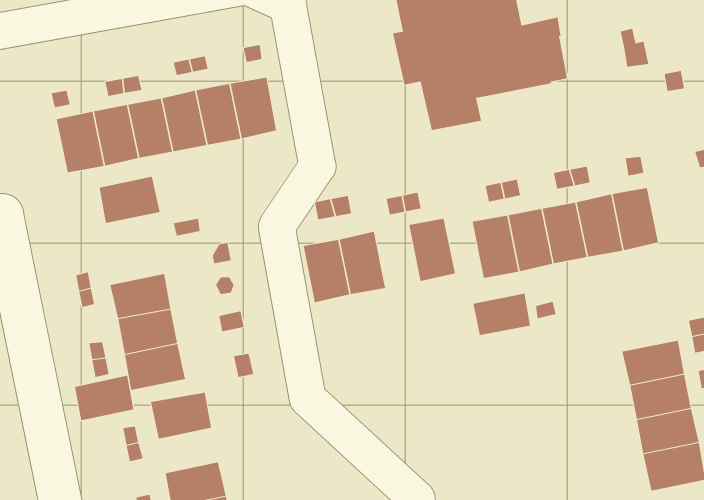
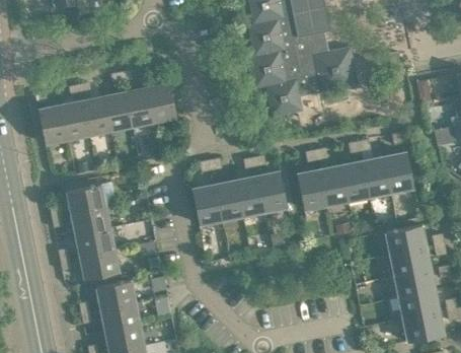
building: [99,176,161,223] -> [68,185,106,214]
building: none -> [237,176,265,216]
building: [473,293,530,336] -> none
building: none -> [387,226,427,256]
building: [74,375,134,421] -> [102,303,140,332]

